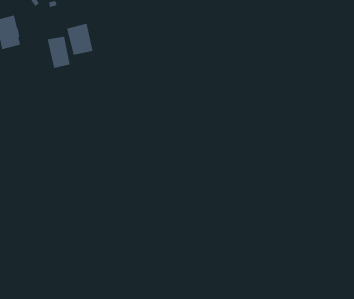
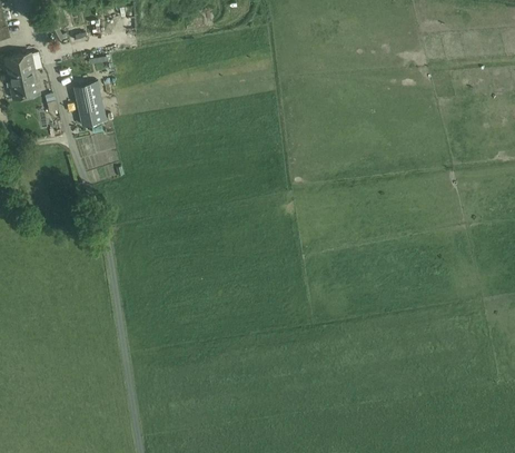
building: [66,23,93,56] -> none

